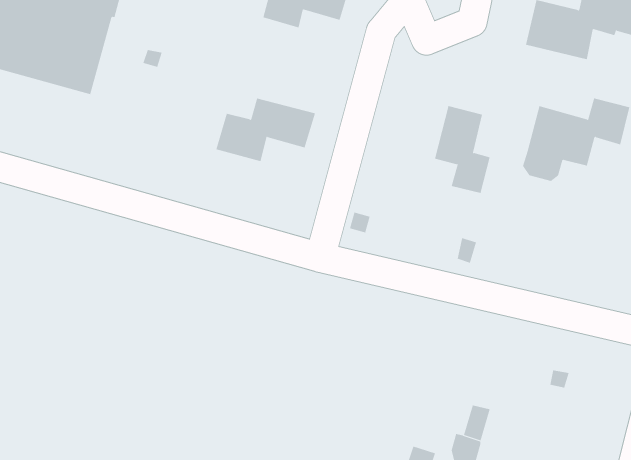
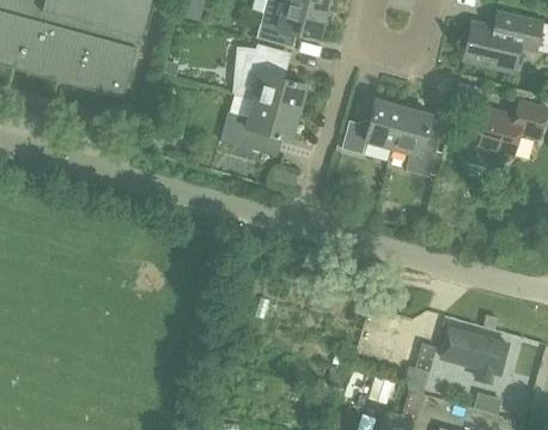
building: none -> [231,42,305,113]
building: none -> [341,99,402,155]
building: none -> [439,325,510,373]

